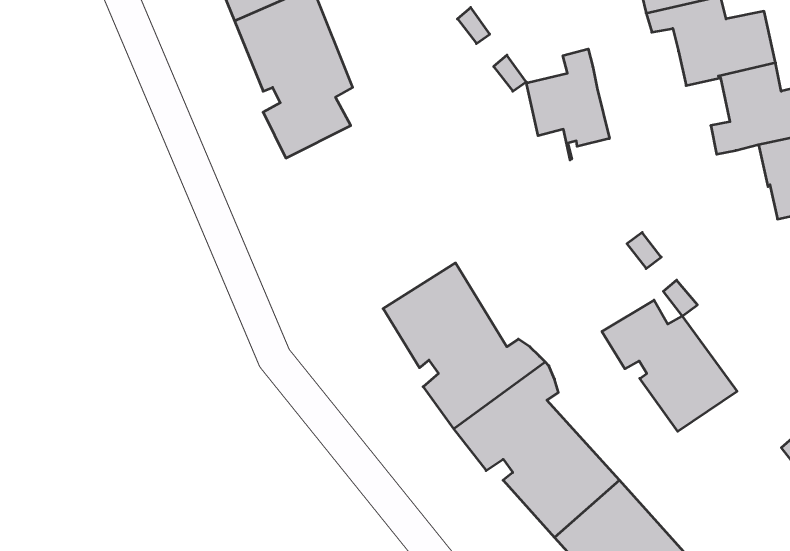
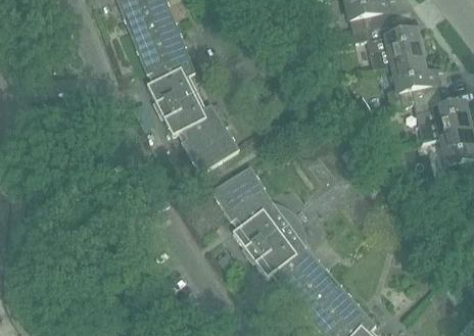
building: [526,49,609,160] -> none
building: none -> [159,92,239,173]
building: [602,300,737,431] -> none

